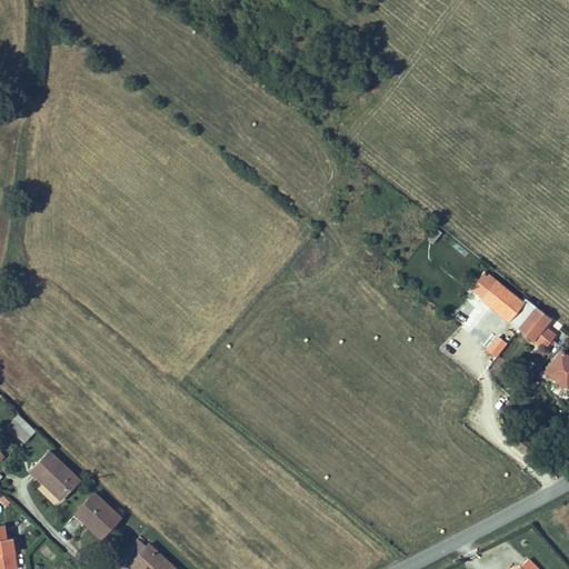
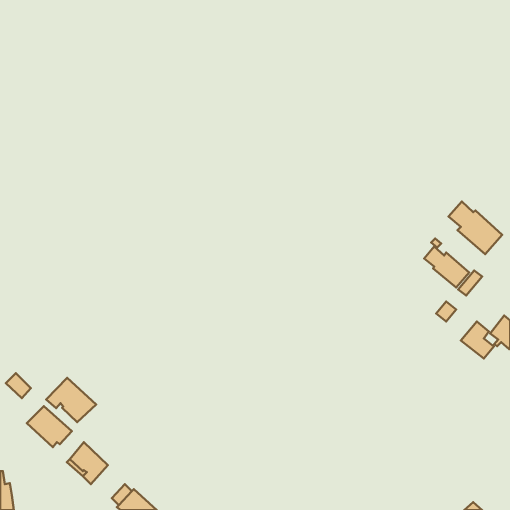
building: none -> [448,202,502,254]
building: [519,308,556,349] -> [461,322,494,358]
building: none -> [46,378,96,422]

